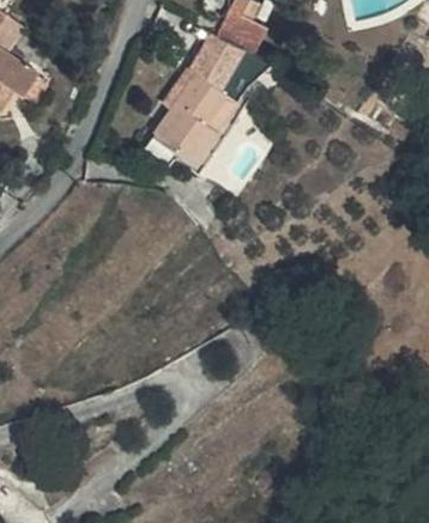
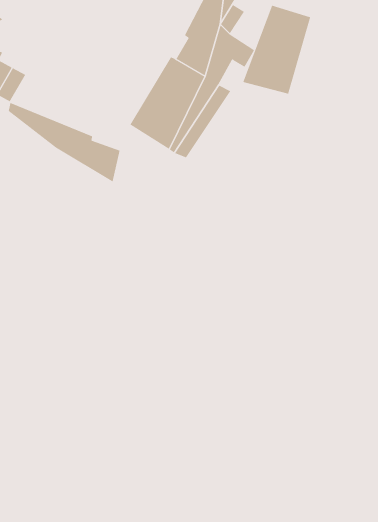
building: none -> [243,5,311,95]
building: none -> [8,102,120,183]

